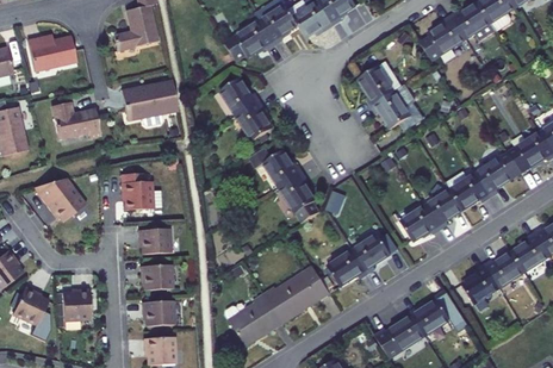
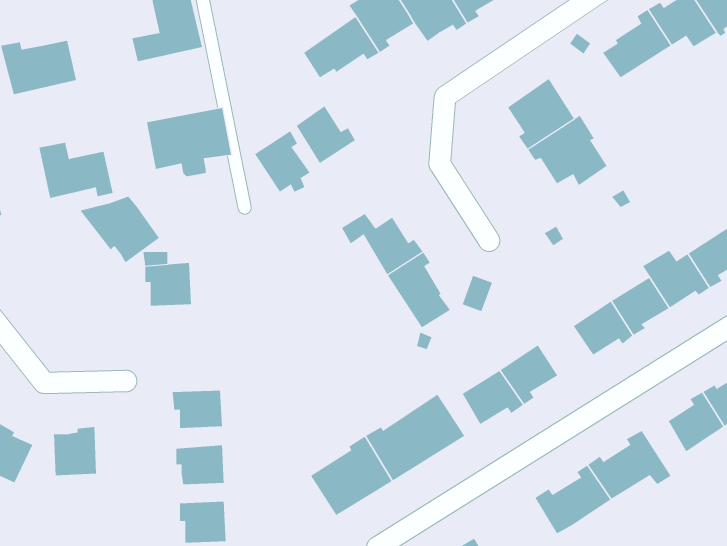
building: [235,100,272,141] -> [254,131,311,193]
building: [32,176,85,220] -> [80,196,160,263]
building: [137,227,169,252] -> none

